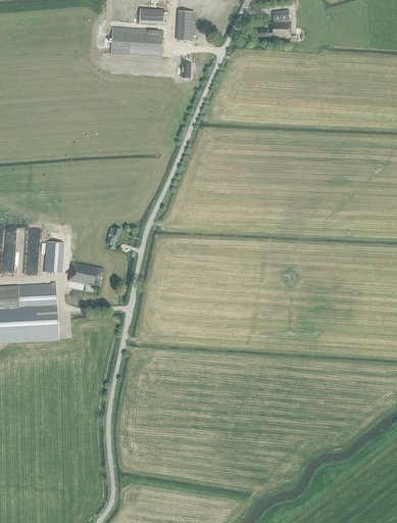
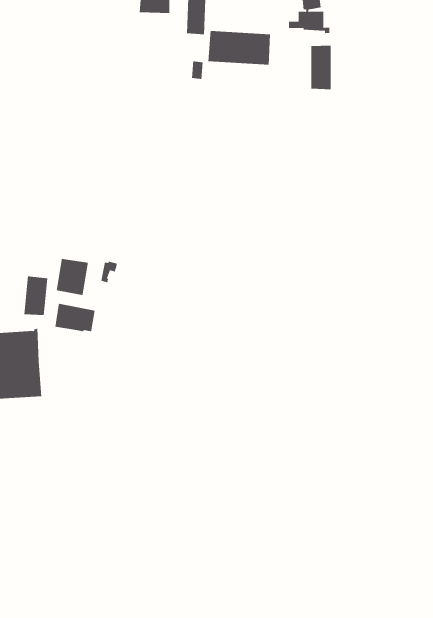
building: [110,28,162,56] -> [207,30,271,65]
building: none -> [311,45,331,90]
building: none -> [56,258,89,296]

